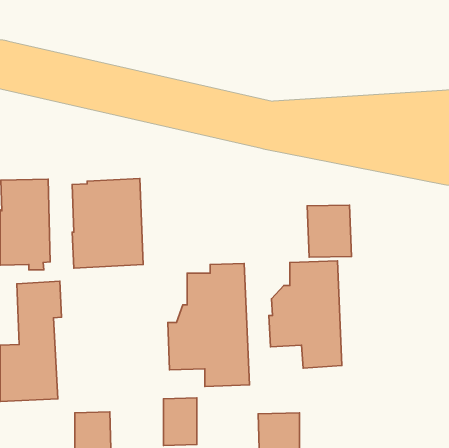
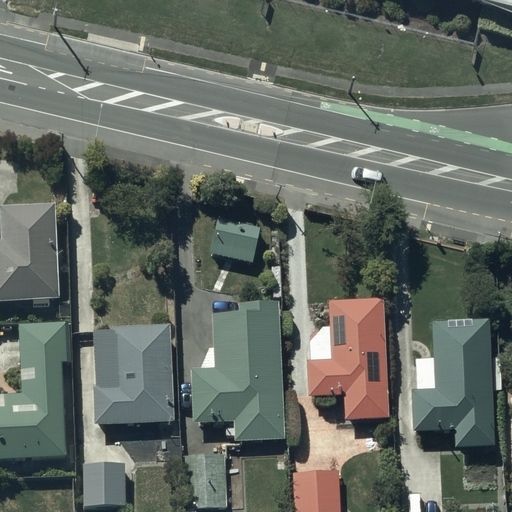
building: [72,178,143,268] -> [93,323,174,425]
building: none -> [209,217,261,263]
building: [307,205,352,257] -> none
building: none -> [412,318,501,445]

